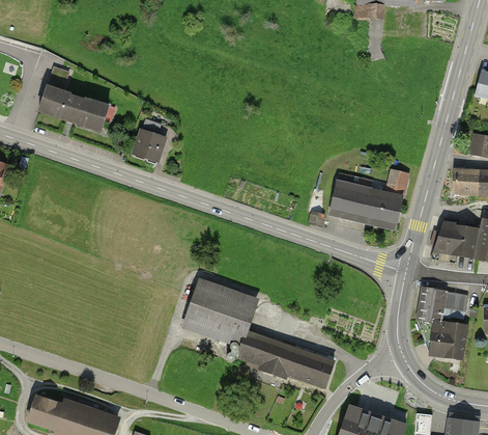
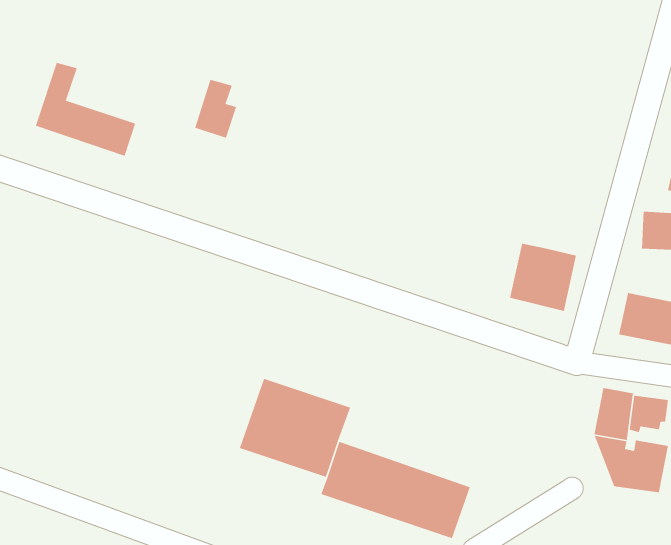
building: [137,118,166,159] -> [194,79,237,139]
building: [385,167,412,196] -> none
building: [324,180,370,225] -> none

